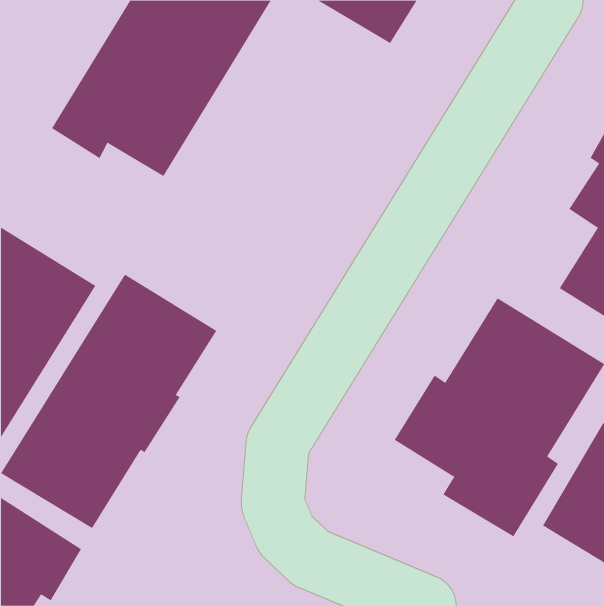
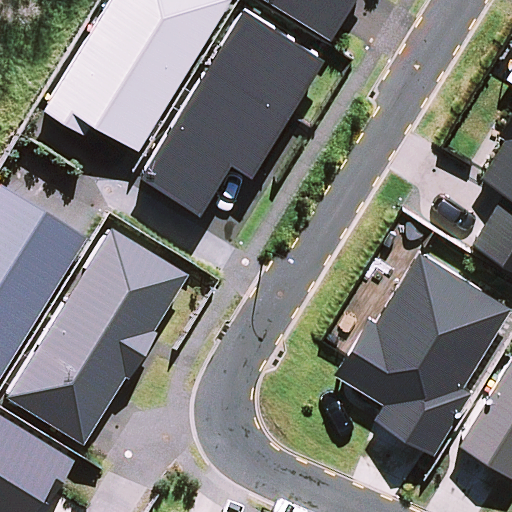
building: none -> [141,7,325,214]

